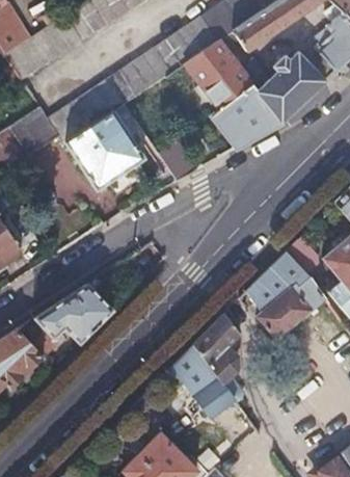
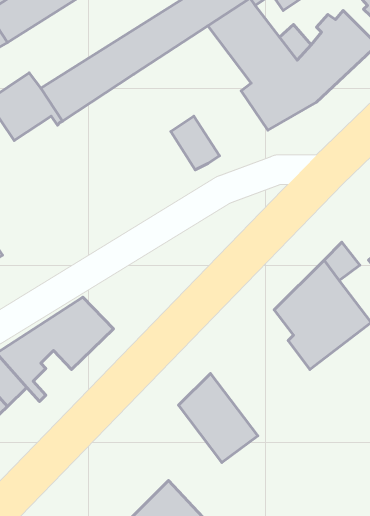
building: [70,102,147,186] -> none
building: [192,315,245,410] -> none

